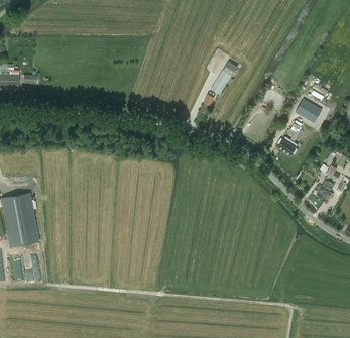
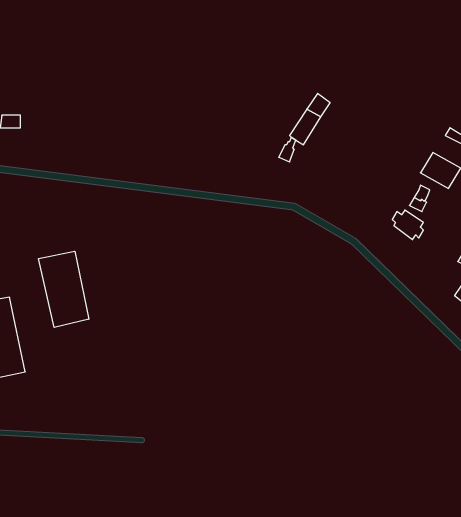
building: none -> [39,251,89,327]

